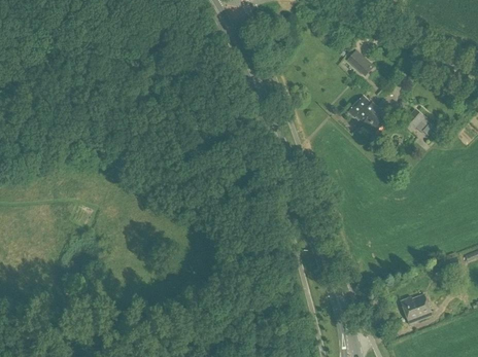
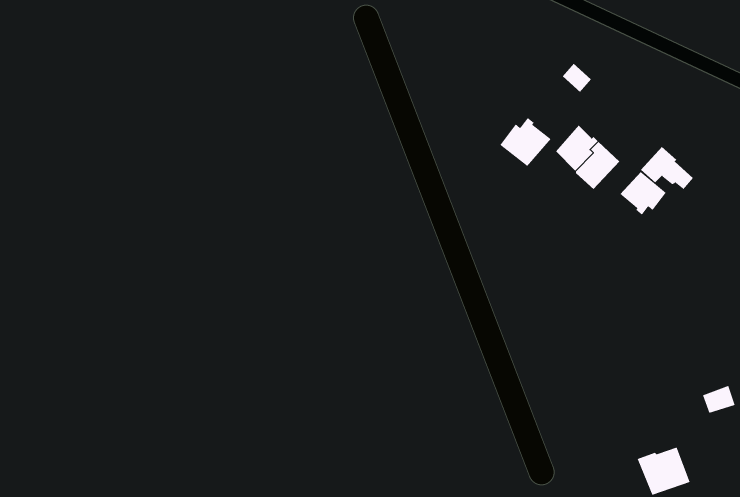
building: none -> [500,117,551,167]
building: none -> [620,171,667,216]

